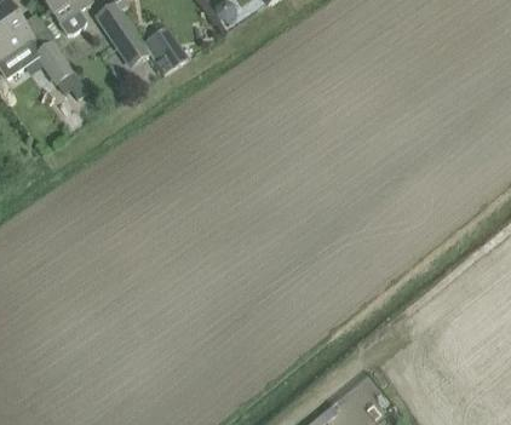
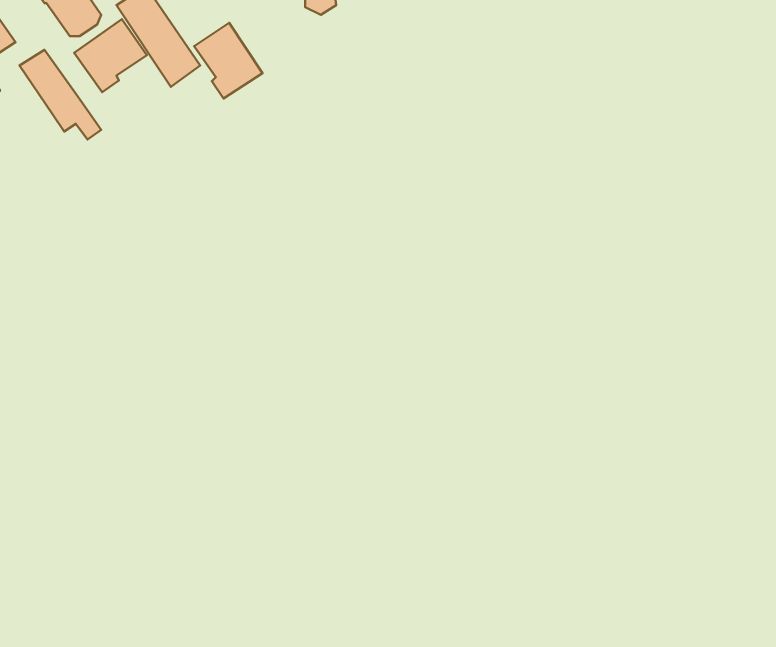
building: none -> [74,19,147,92]

